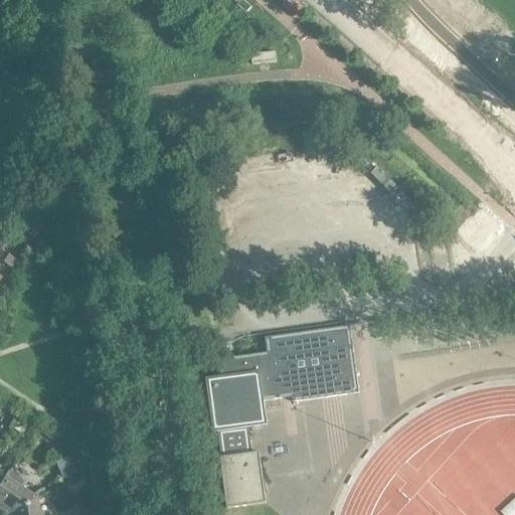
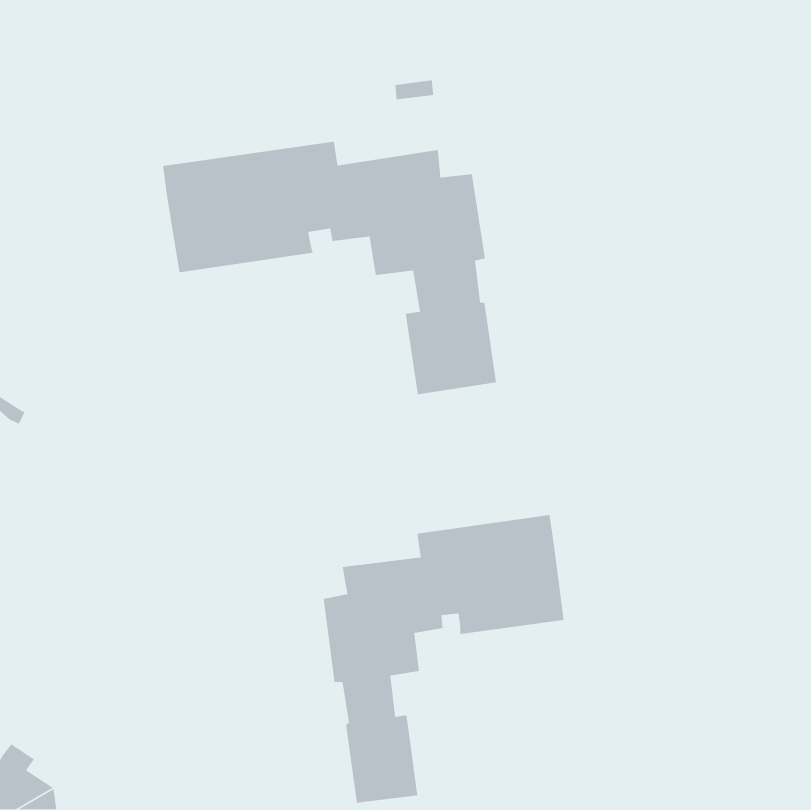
building: none -> [162,141,497,395]

